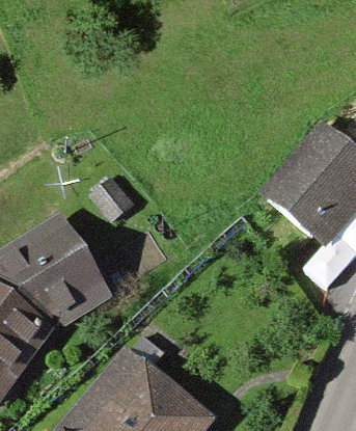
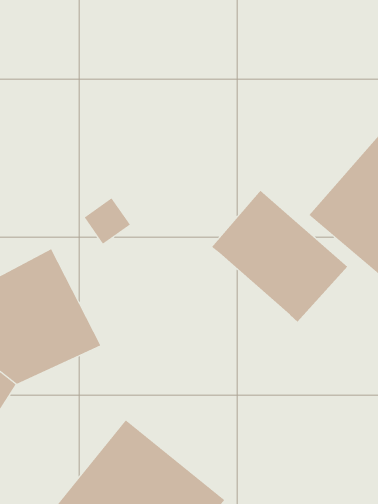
building: none -> [211,190,348,322]

